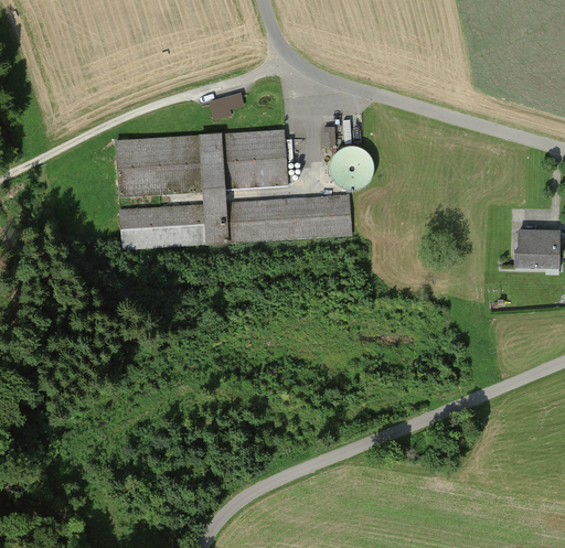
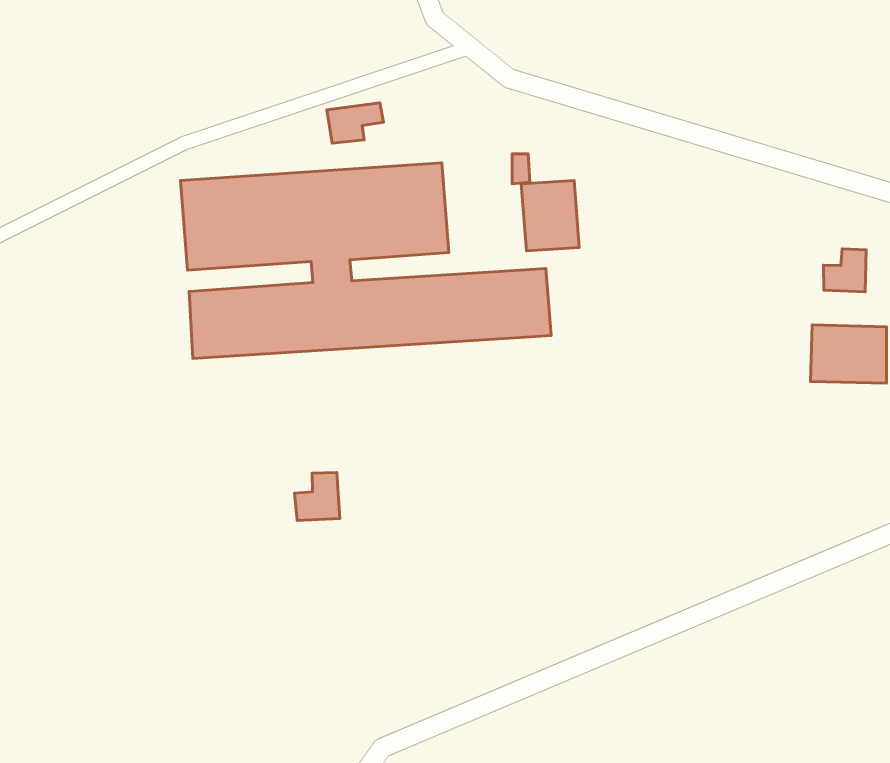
building: none -> [823,249,866,292]
building: none -> [295,472,340,521]

